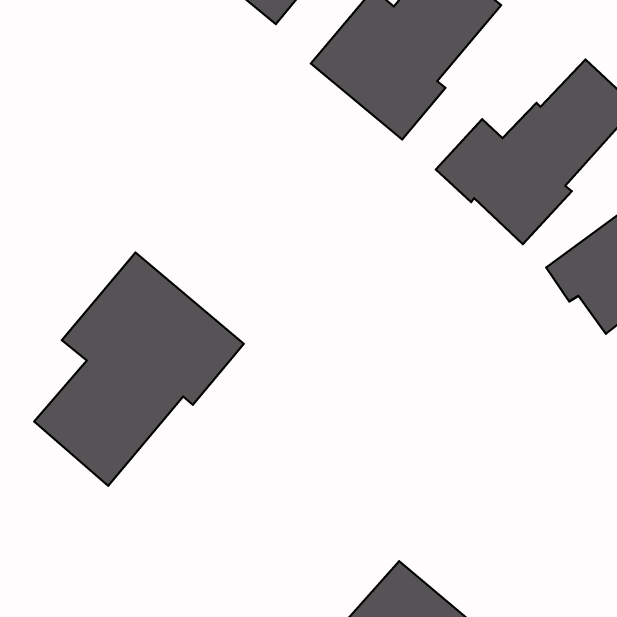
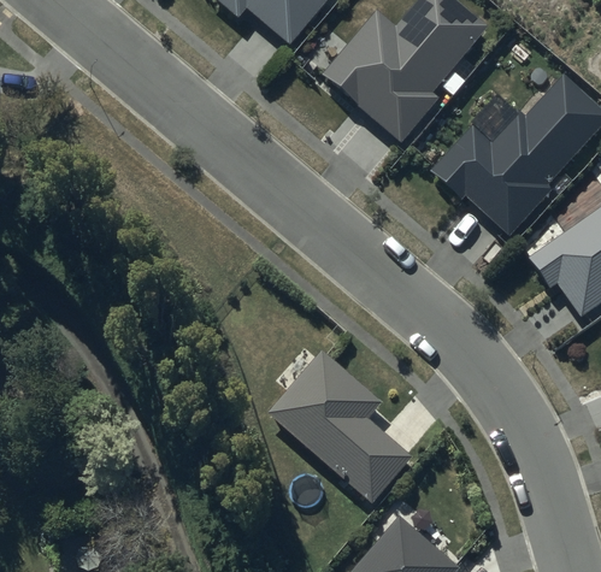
building: [34,253,244,486] -> none
building: none -> [267,349,413,502]

